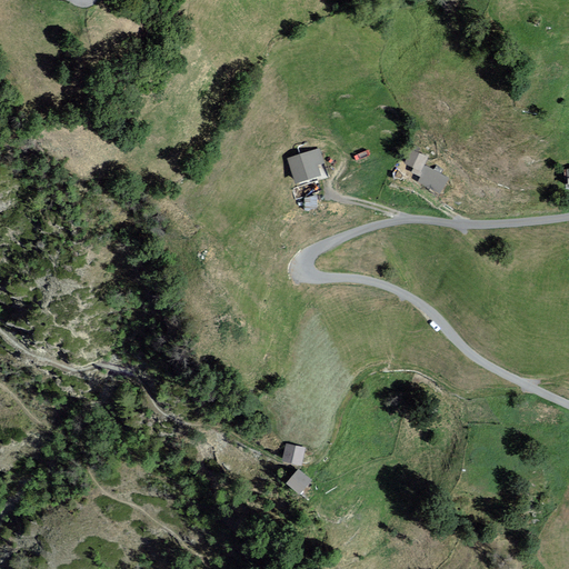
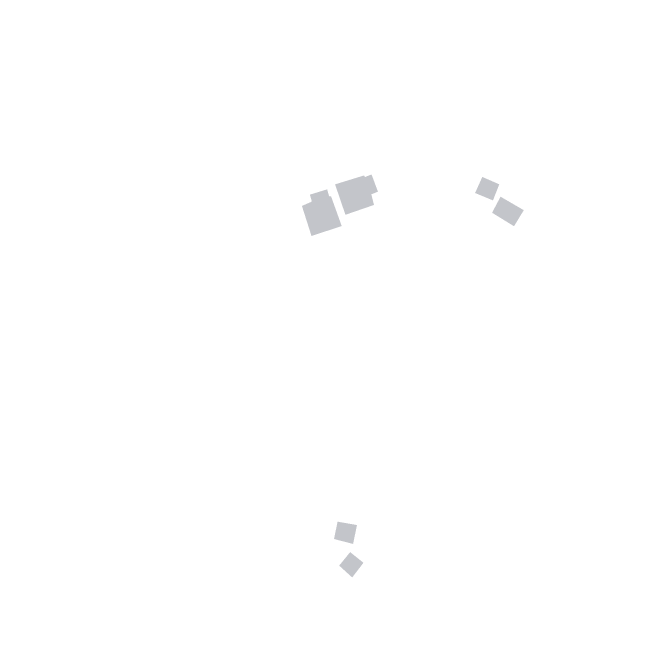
building: none -> [301,188,343,237]

